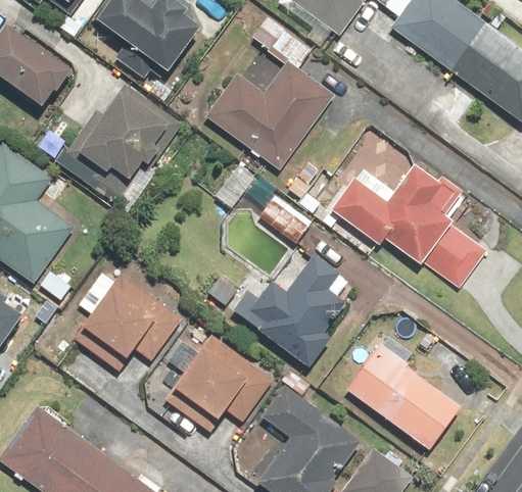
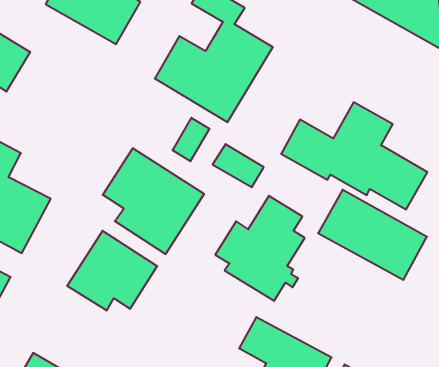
building: [70,82,187,182] -> none
building: none -> [103,148,204,254]
building: [169,335,272,422] -> none
building: [342,345,460,450] -> [318,190,427,280]

